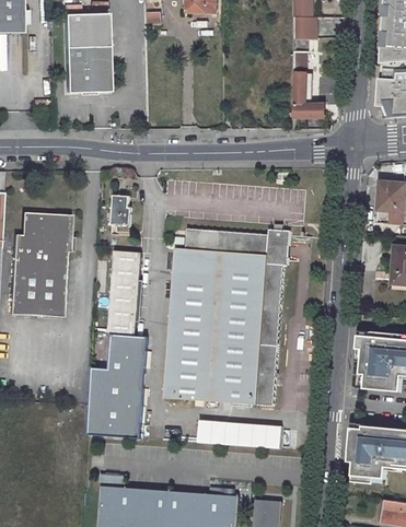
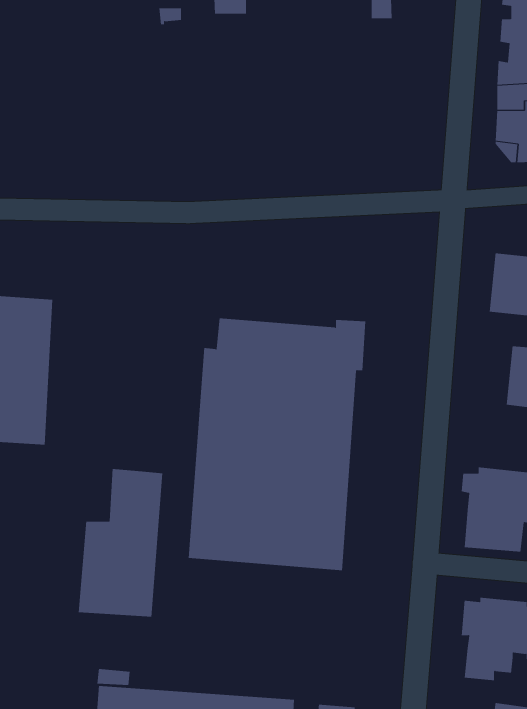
building: [60,13,107,92] -> none
building: [292,16,315,38] -> none
building: [291,51,322,117] -> none
building: [111,195,131,226] -> none
building: [107,249,140,336] -> none
building: [198,420,281,448] -> none

